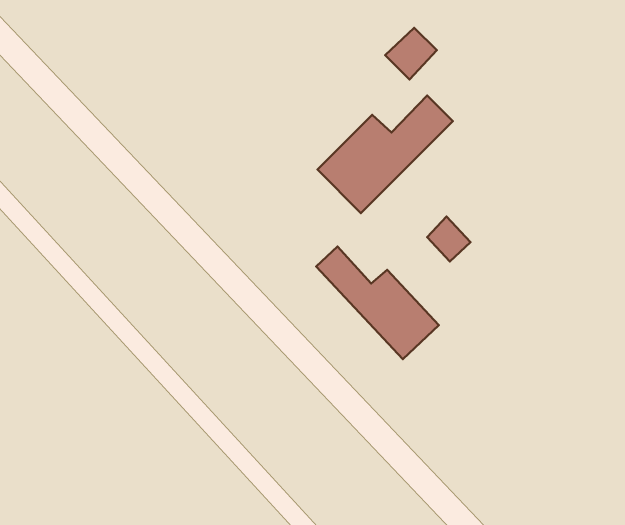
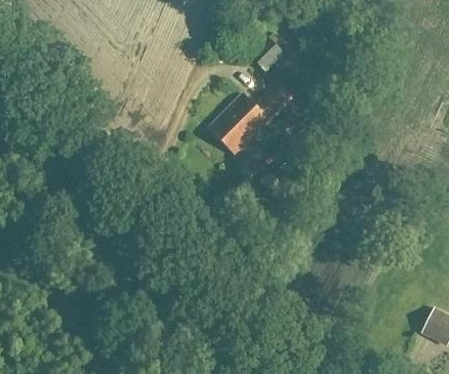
building: [316,247,439,359] -> none

